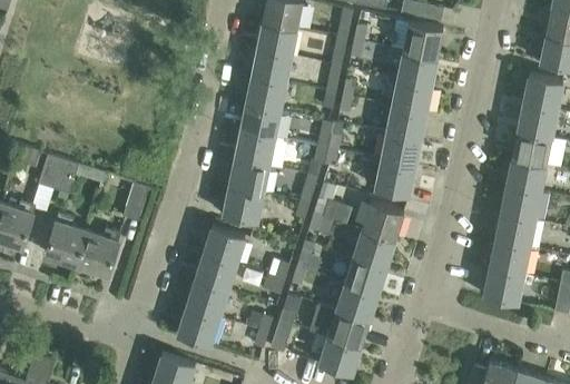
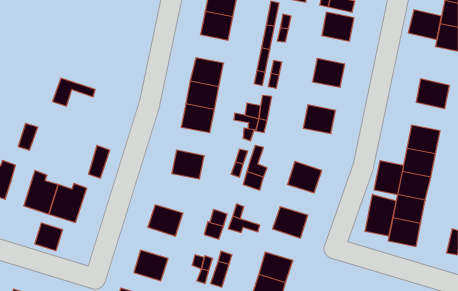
building: [252,49,291,83] -> none
building: [397,50,436,85] -> none
building: [522,75,562,110] -> [408,10,442,39]
building: [386,106,425,140] -> none
building: [511,130,551,165] -> none
building: [51,160,102,194] -> [53,78,95,106]
building: [228,160,268,195] -> none
building: [374,161,414,196] -> none
building: none -> [374,161,403,195]
building: [203,226,244,264] -> none
building: [353,229,394,266] -> none
building: none -> [365,194,396,236]
building: none -> [35,223,62,251]
building: [185,280,227,318] -> none
building: [335,283,377,321] -> none

